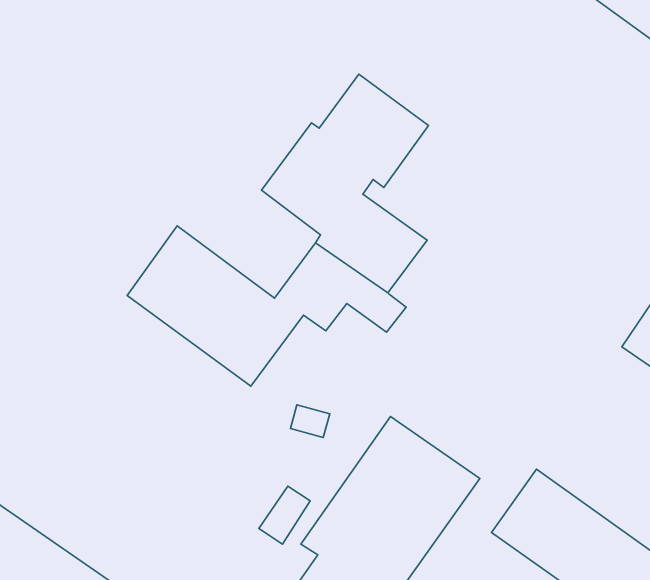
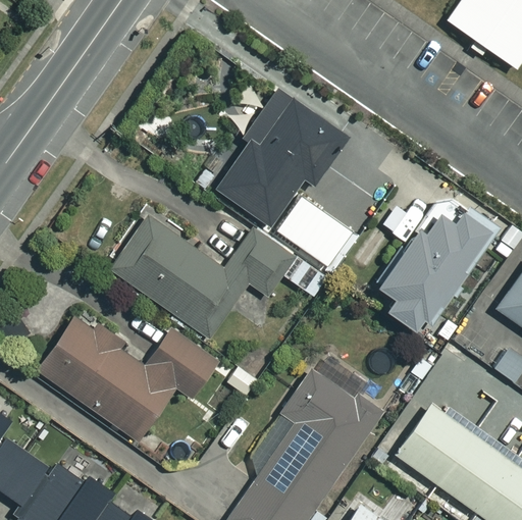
building: none -> [373,197,493,326]
building: none -> [36,310,219,441]

